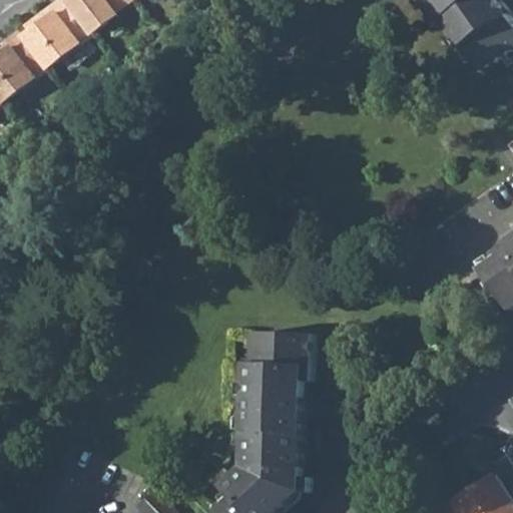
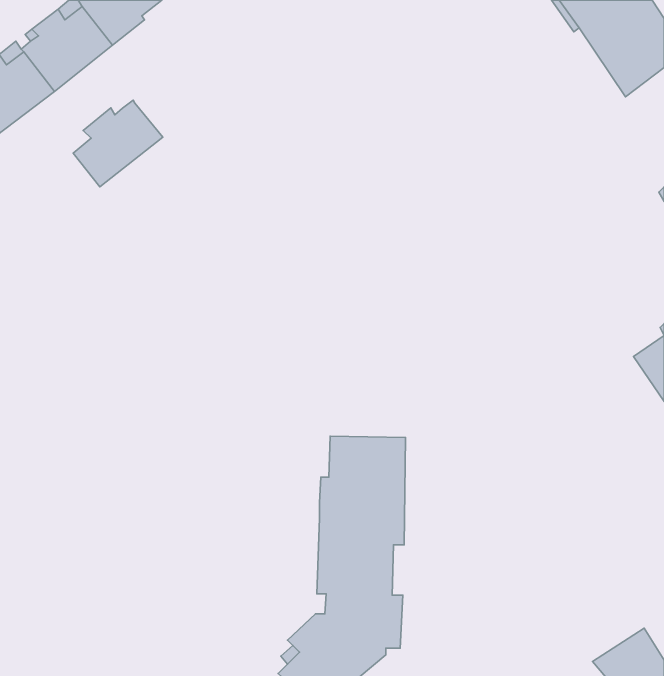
building: none -> [73,100,163,187]

